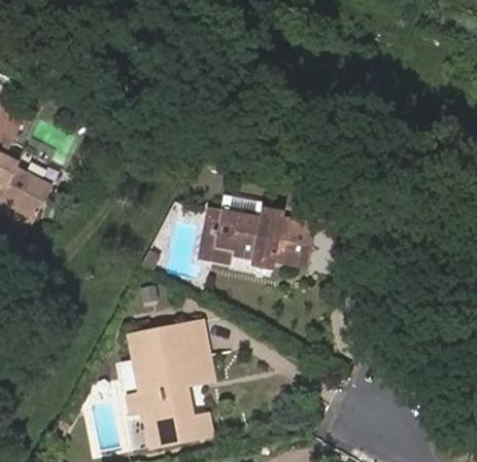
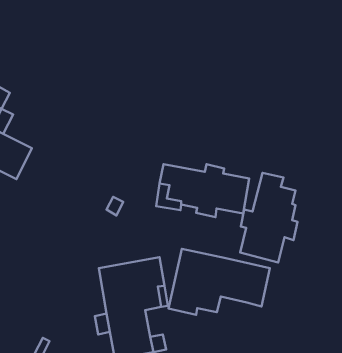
building: none -> [240,173,297,262]
building: none -> [168,249,270,315]

